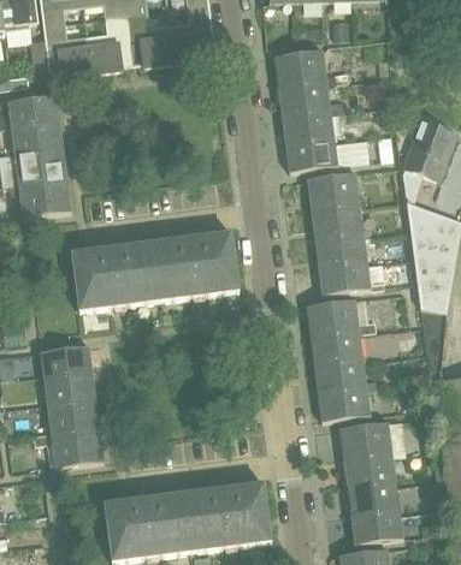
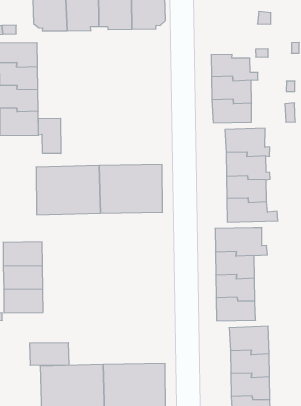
building: [273,47,327,85] -> none
building: none -> [39,118,61,154]
building: [52,433,105,466] -> [30,343,69,365]

